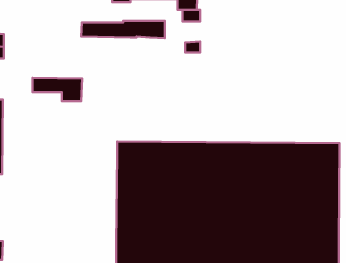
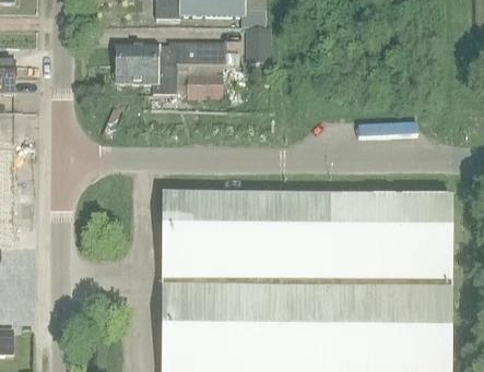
building: none -> [189,76,224,100]
building: [33,78,82,101] -> [115,64,179,95]

